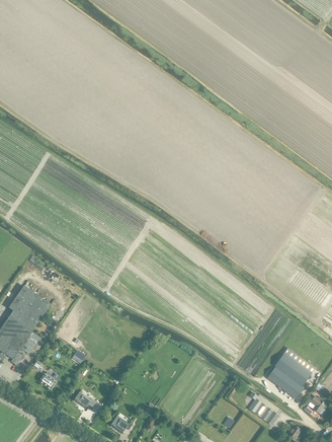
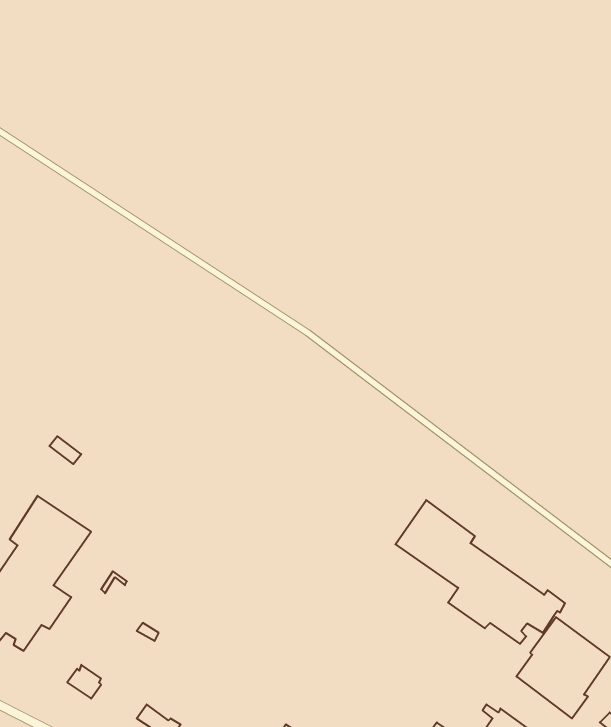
building: none -> [395,500,565,644]

